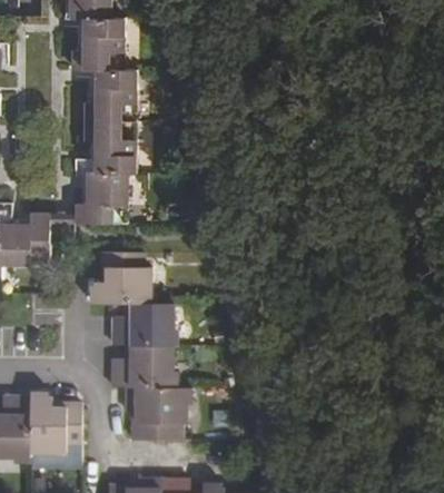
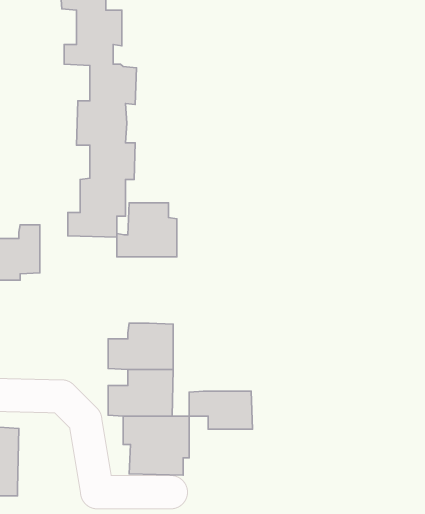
building: [95,253,149,302] -> [117,203,177,257]
building: none -> [189,391,252,429]
building: [30,396,80,453] -> none

